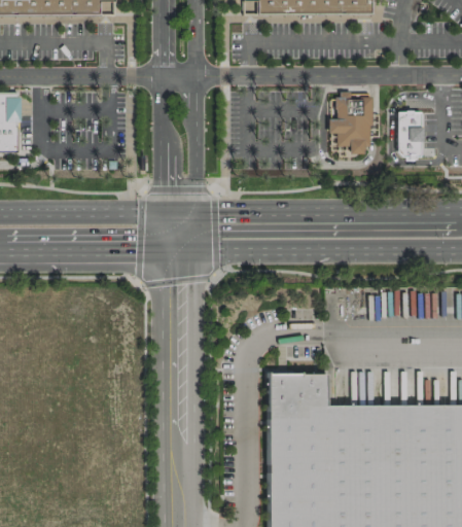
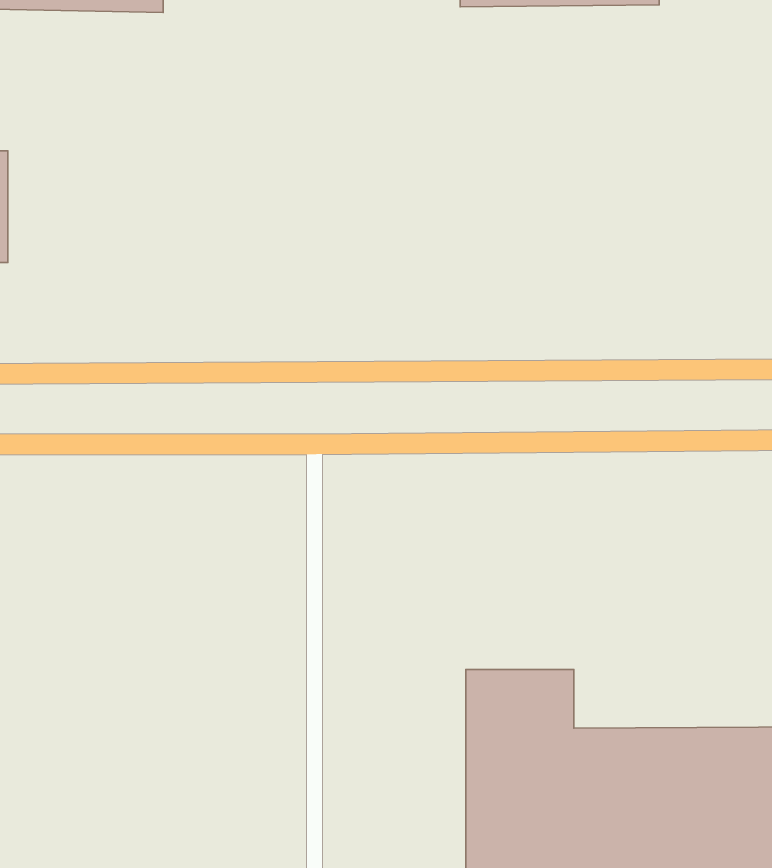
building: [329,91,374,153] -> none
building: [398,112,422,155] -> none

